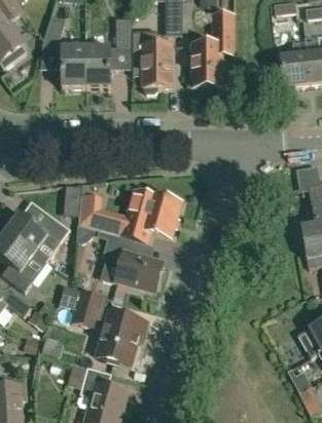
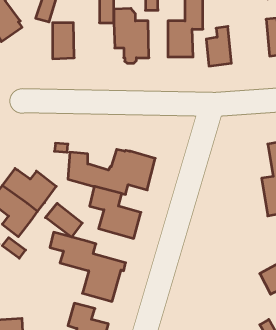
building: [281,42,310,87] -> [206,26,231,66]
building: [85,45,111,86] -> none
building: none -> [45,203,82,237]

